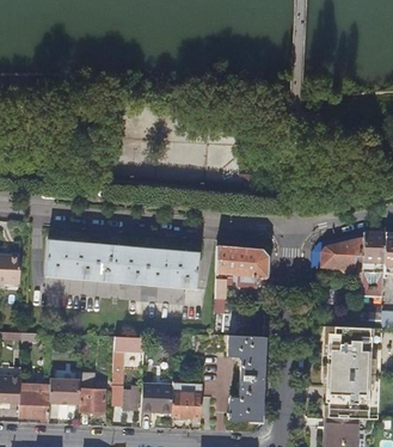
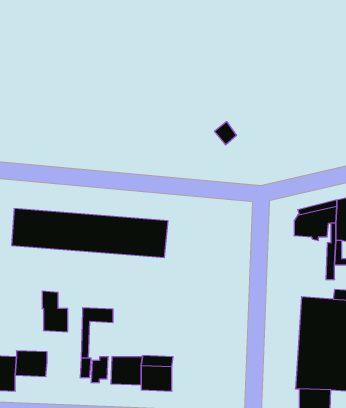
building: [215,246,268,295] -> none
building: [227,336,264,421] -> none
building: [80,373,105,412] -> [42,291,68,332]

